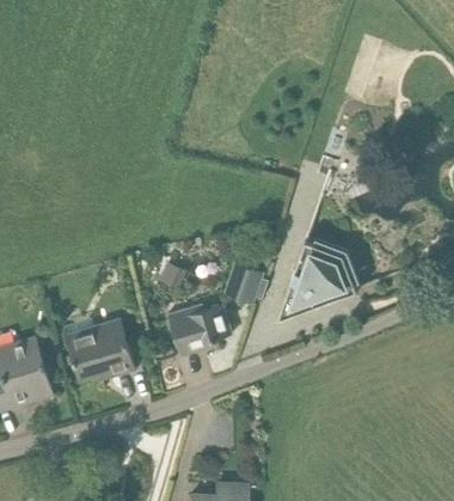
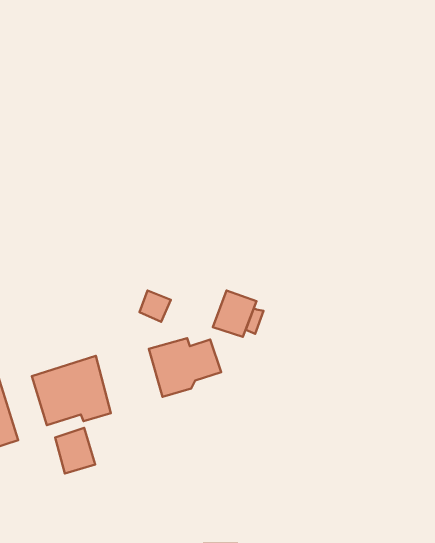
building: [276,242,357,323] -> none
building: none -> [55,428,95,474]

